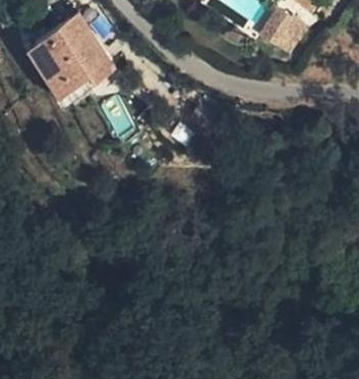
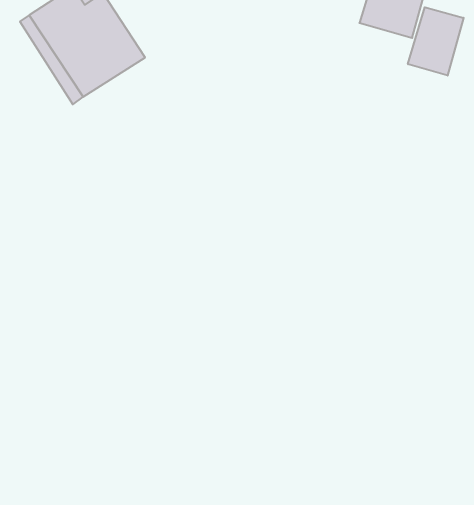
building: none -> [408,7,464,76]

